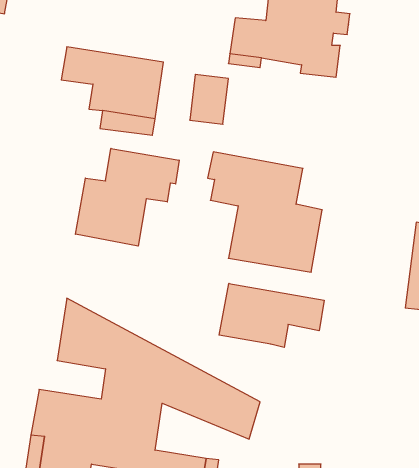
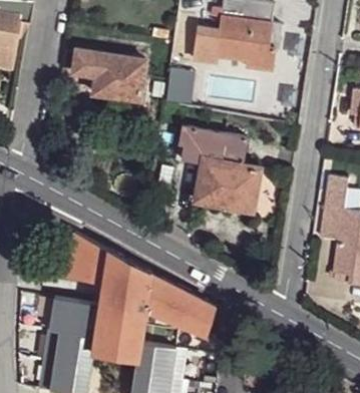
building: [75,148,179,246] -> none
building: [219,283,324,347] -> none

